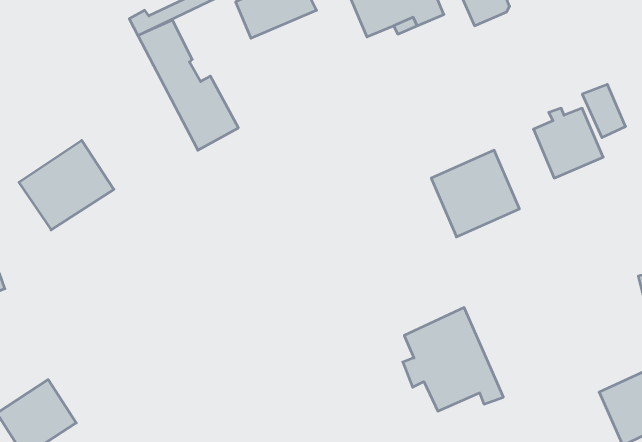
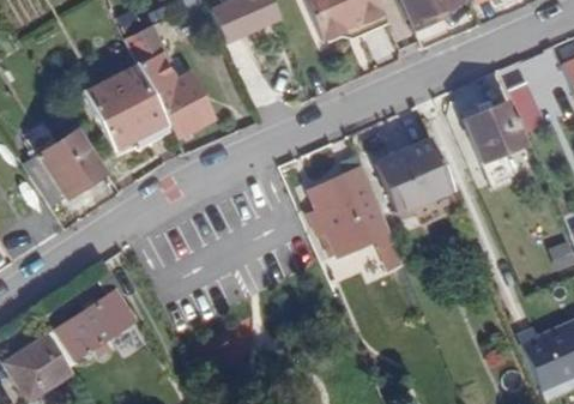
building: none -> [85,65,174,150]
building: [403,308,503,411] -> [310,167,397,255]
building: none -> [56,291,134,358]

